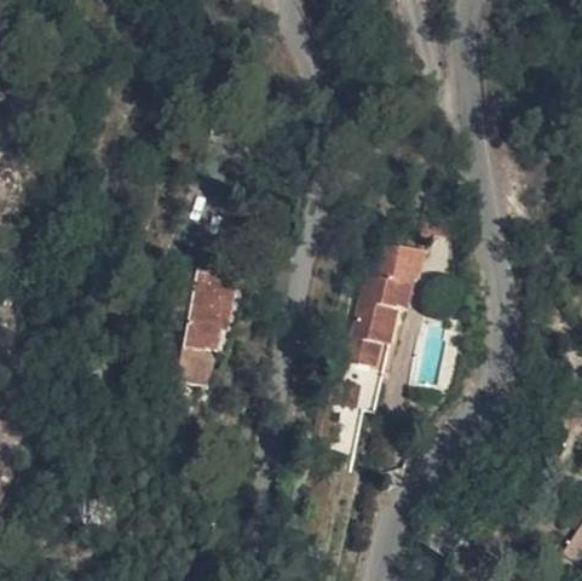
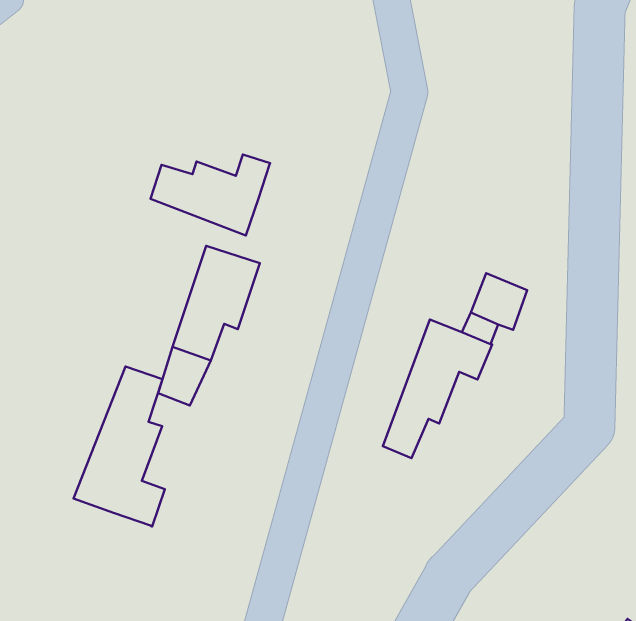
building: none -> [151,154,270,236]
building: none -> [73,366,165,527]

